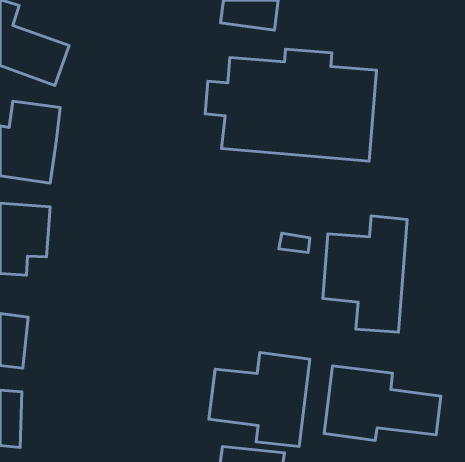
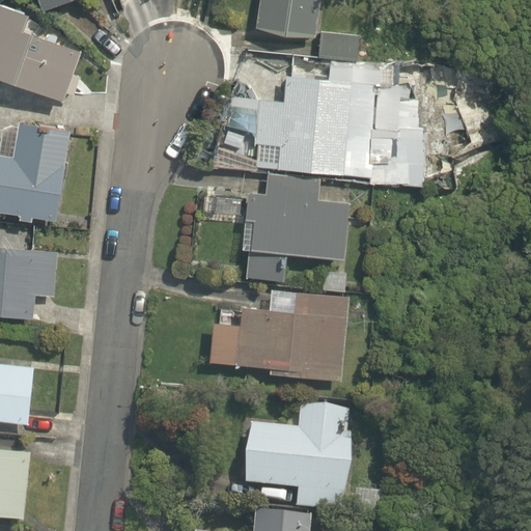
building: none -> [239,176,347,295]
building: [323,216,407,332] -> none
building: none -> [205,291,348,376]
building: [324,366,441,440] -> none

